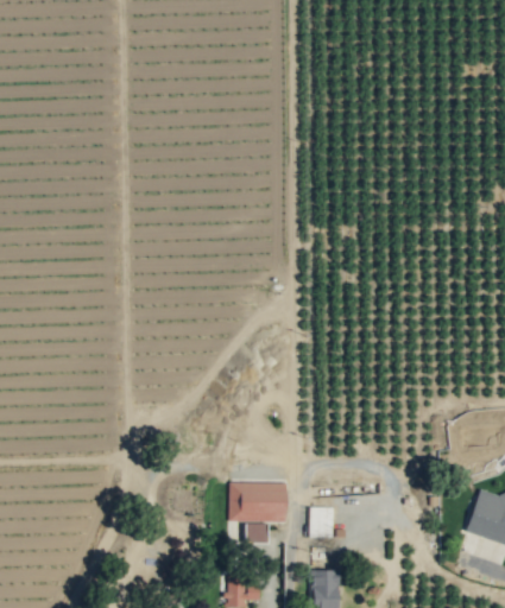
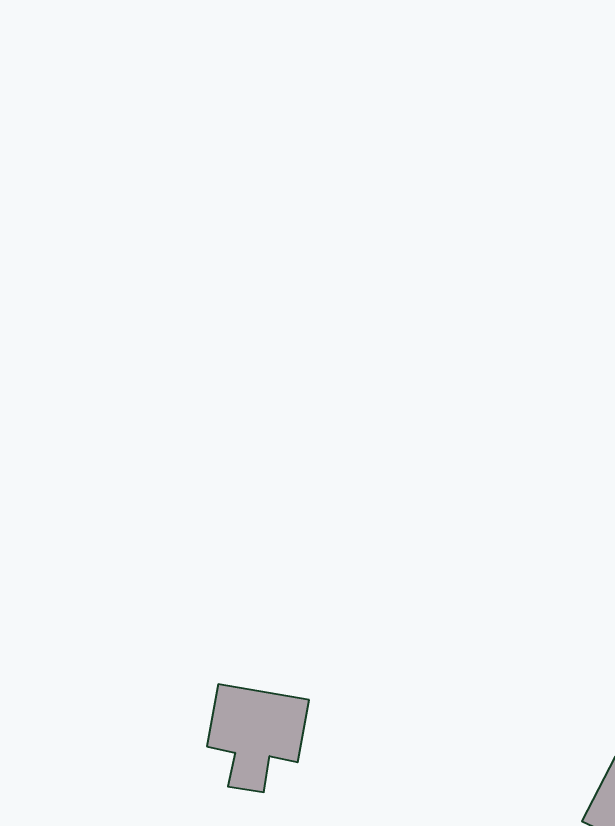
building: [311,507,334,537] -> none

